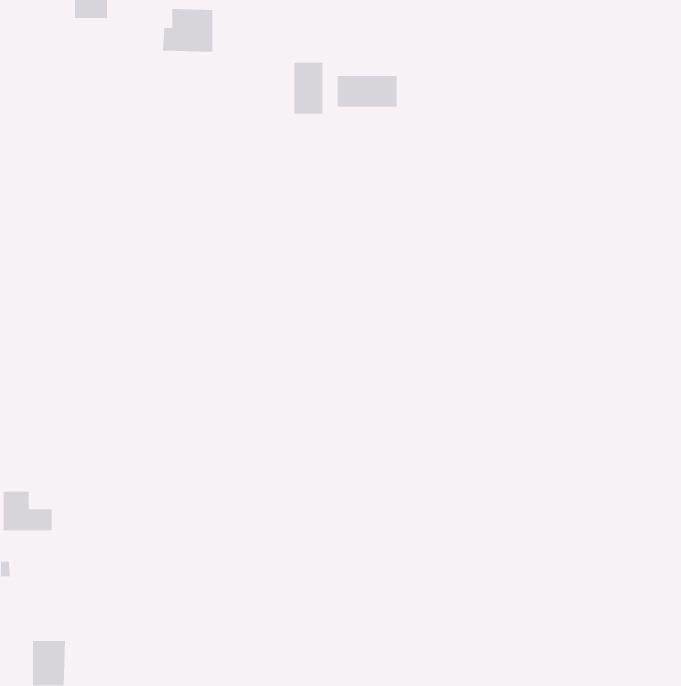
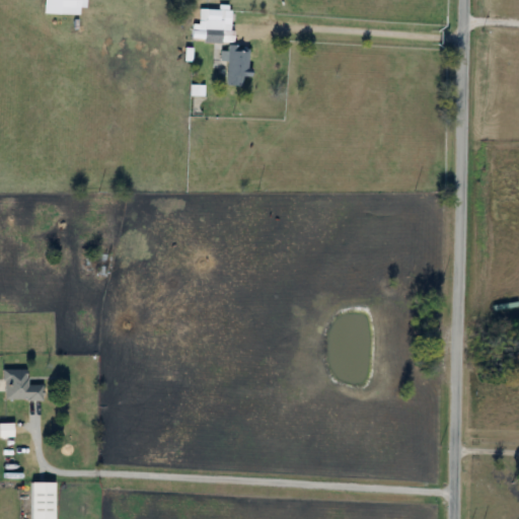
building: [162,8,213,53] -> [194,8,232,42]
building: [337,75,397,108] -> none

